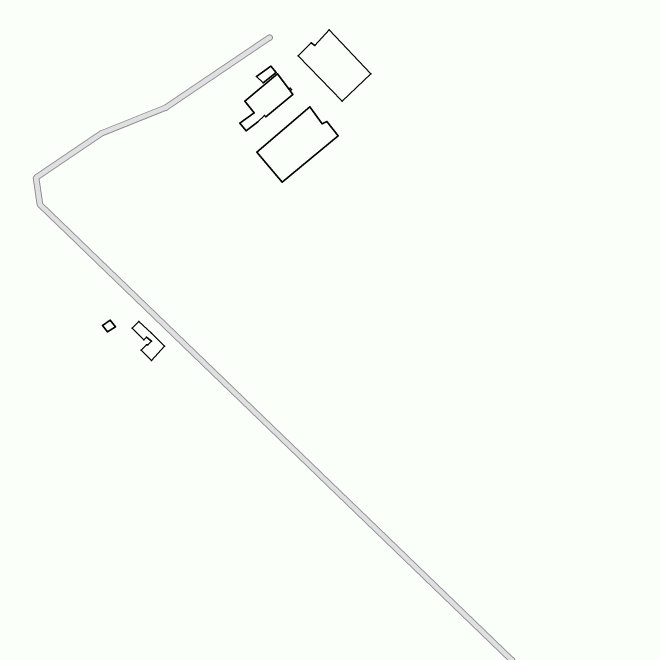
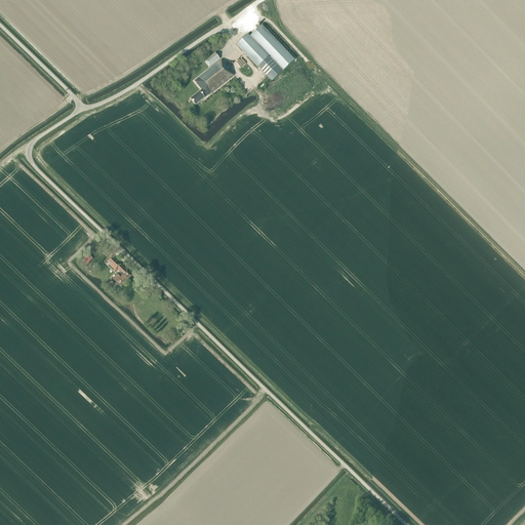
building: [257,107,338,182] -> none

